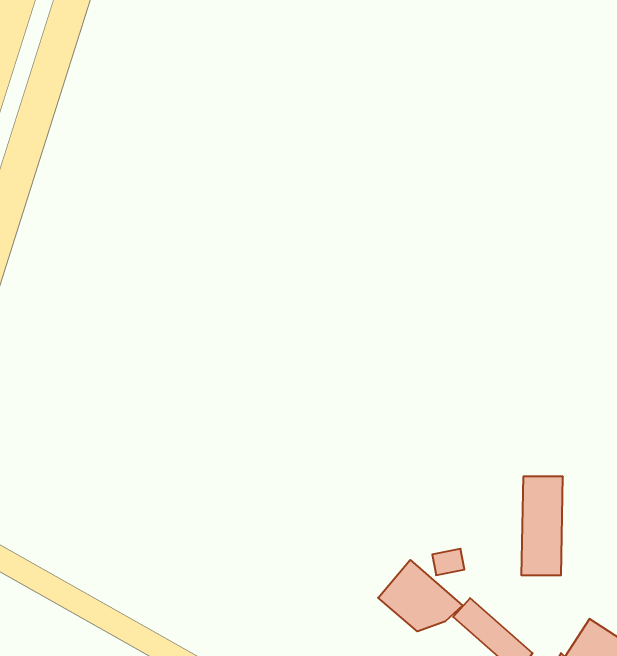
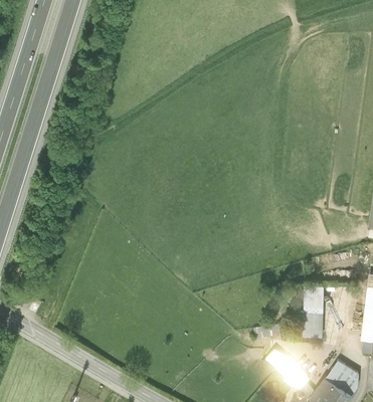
building: [378,560,462,631] -> none

